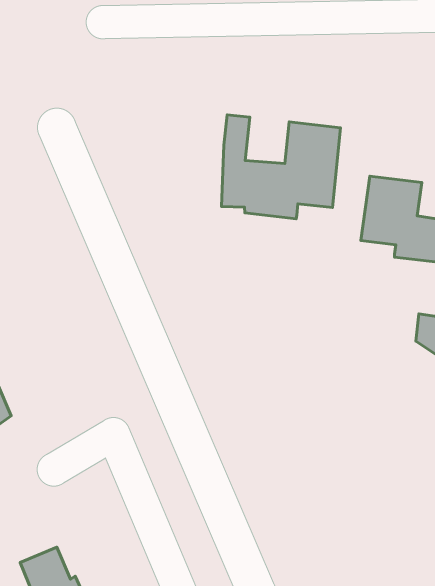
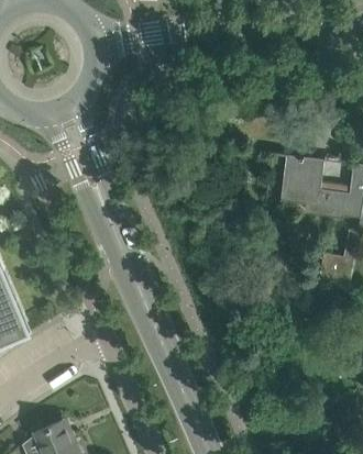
building: [221,115,340,219] -> none

